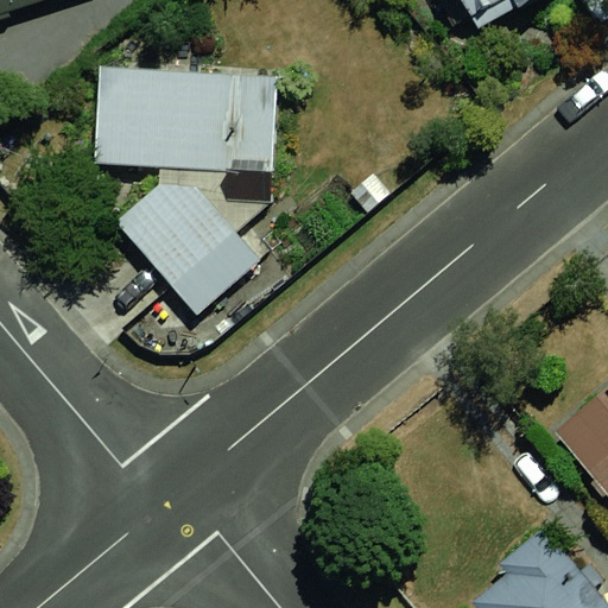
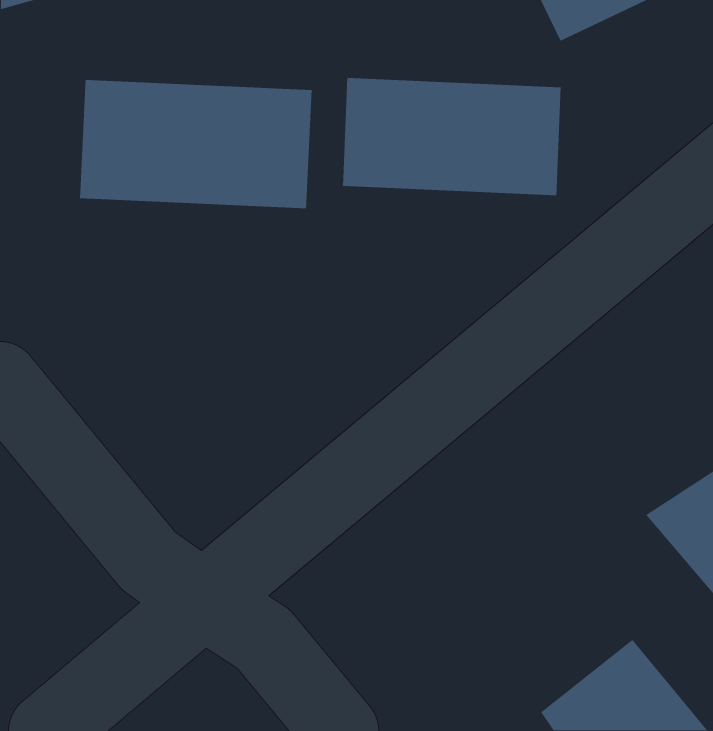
building: none -> [342,77,561,196]
building: [115,175,260,325] -> none

